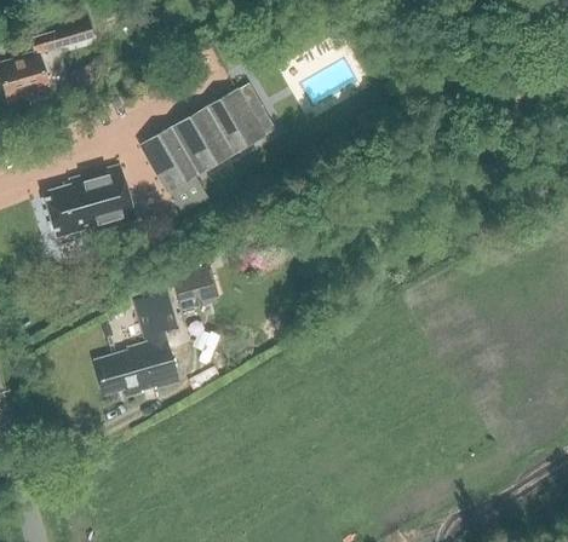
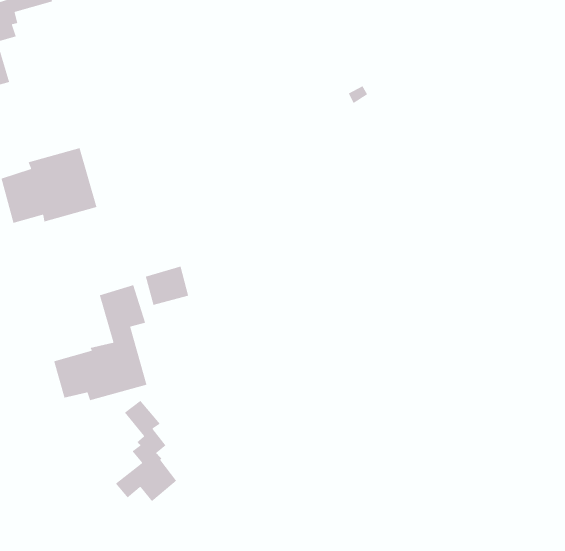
building: [140,86,269,192] -> none
building: none -> [115,400,177,502]

